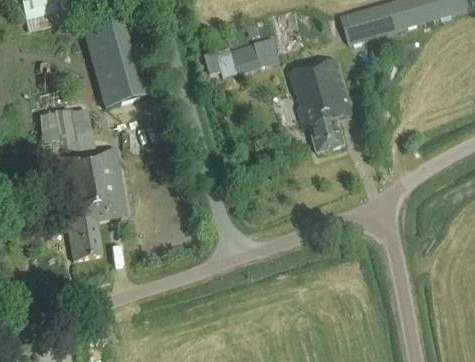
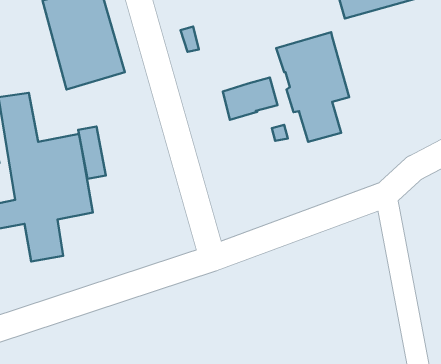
building: [231,37,279,74] -> [223,78,278,120]
building: [71,107,95,153] -> [78,126,106,179]

